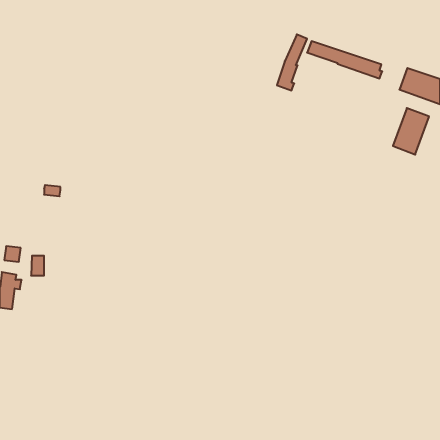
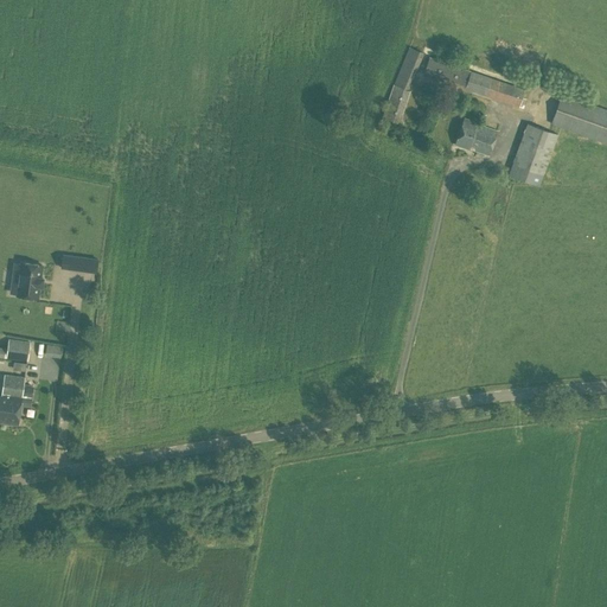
building: none -> [453,117,496,154]
building: [393,108,429,155] -> [506,122,556,186]
building: none -> [12,262,41,298]

